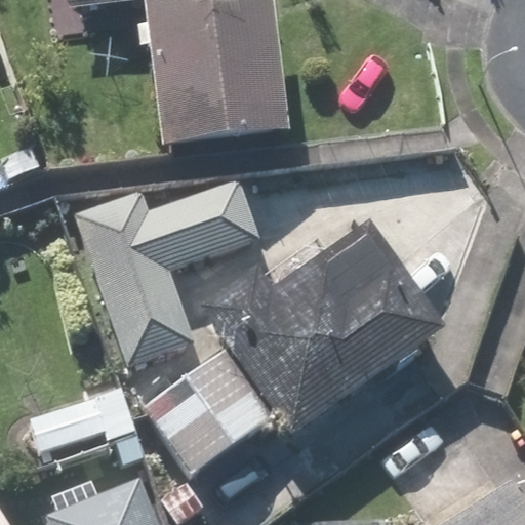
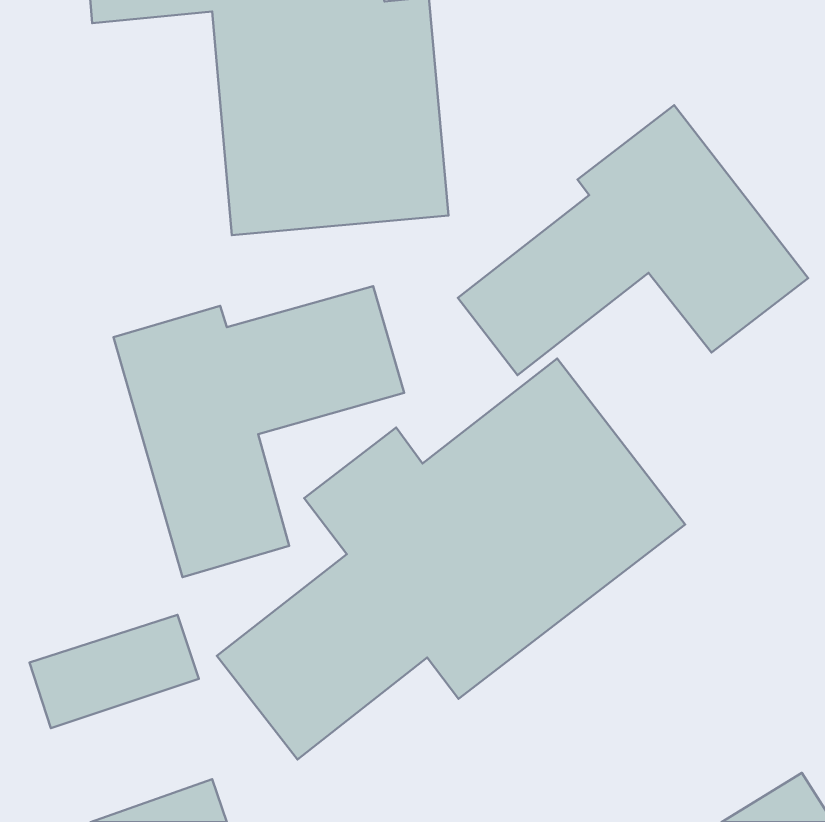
building: none -> [458,105,808,375]

